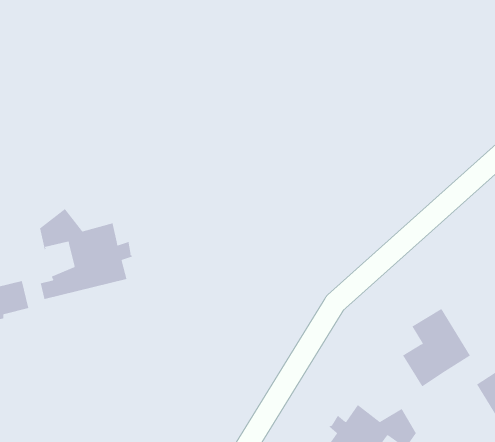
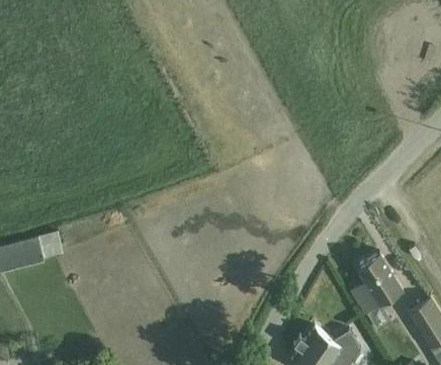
building: [39,208,133,300] -> none

